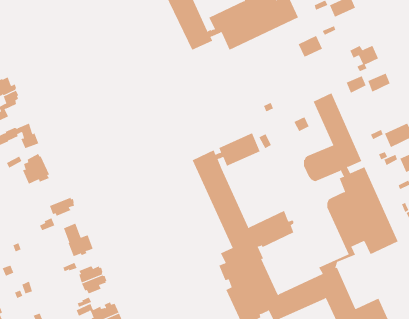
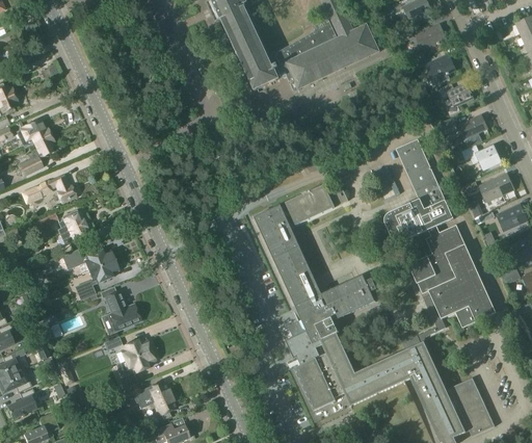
building: [298,35,323,58] -> [426,54,455,80]
building: none -> [461,146,500,170]
building: none -> [61,249,115,270]

